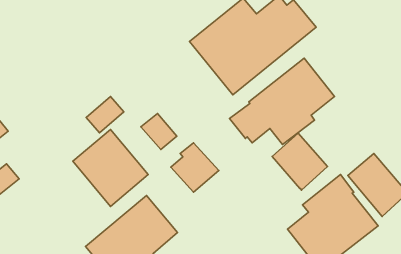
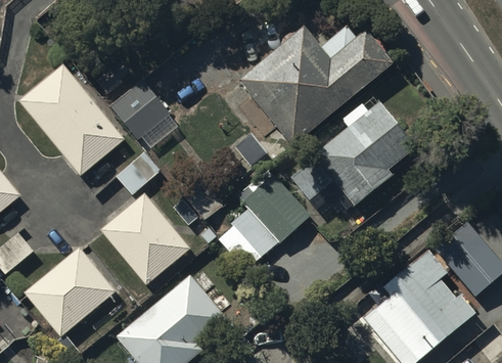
building: none -> [17,64,126,179]
building: none -> [115,82,176,143]
building: [272,133,327,190] -> [242,174,310,243]
building: none -> [22,245,117,338]

